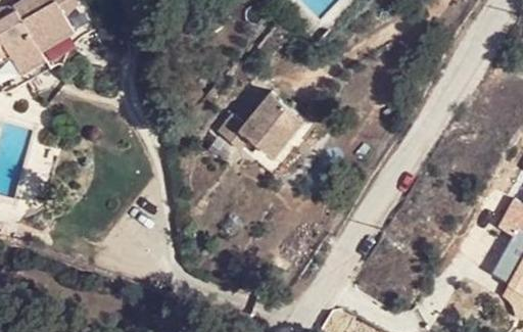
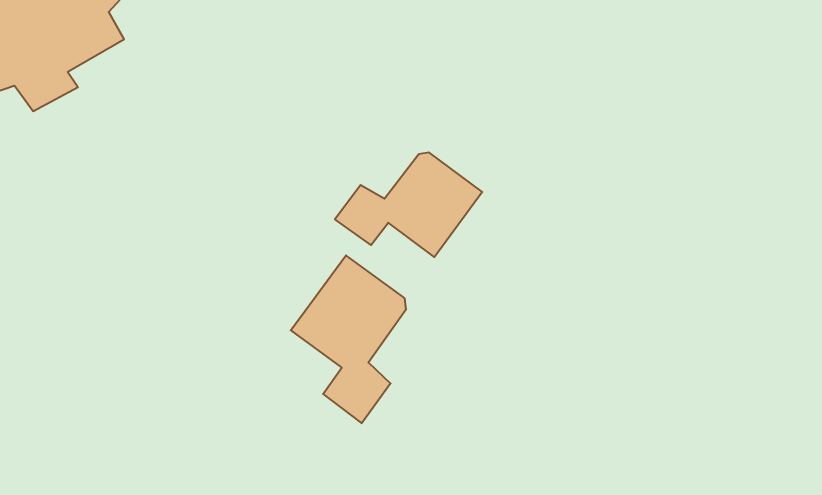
building: none -> [291,255,406,423]

